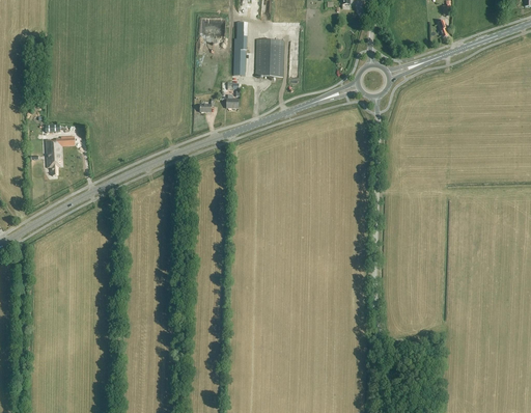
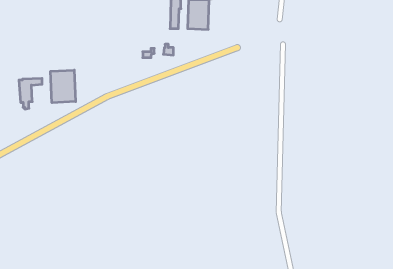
building: none -> [51,70,76,103]

